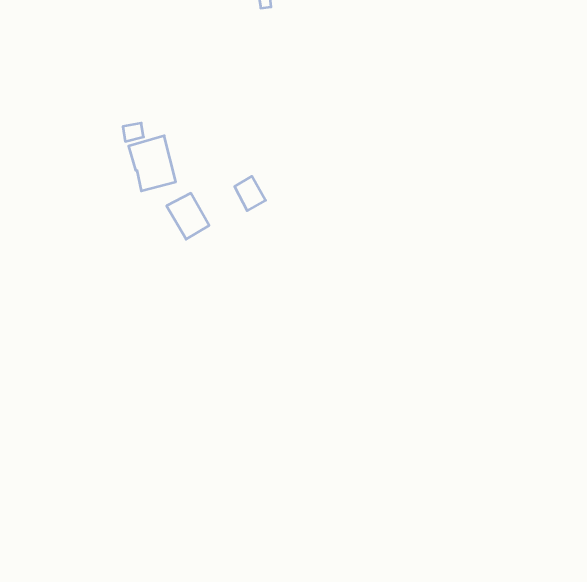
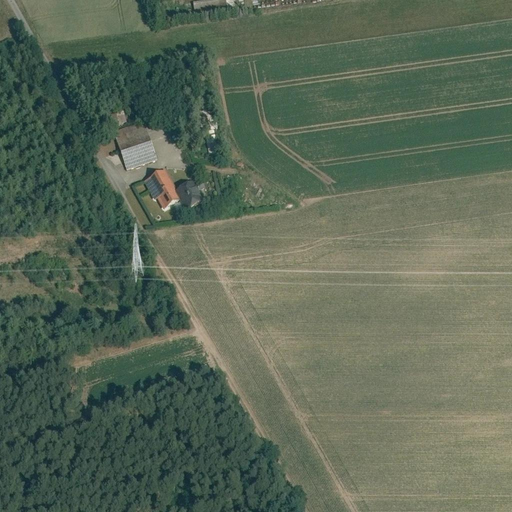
building: [235,176,266,211] -> [180,179,207,209]

